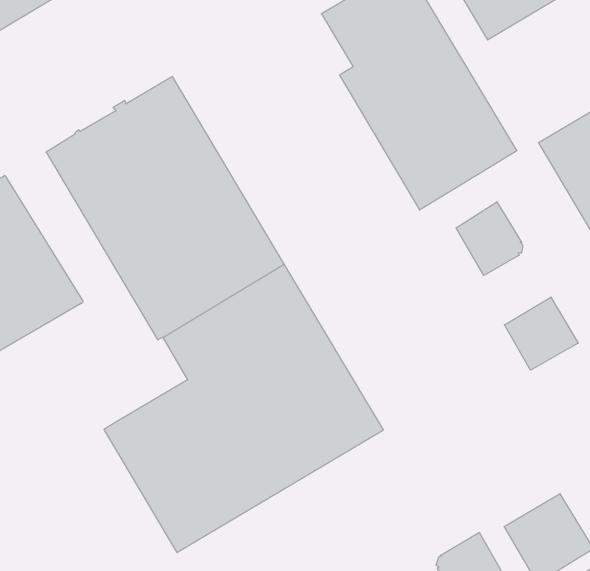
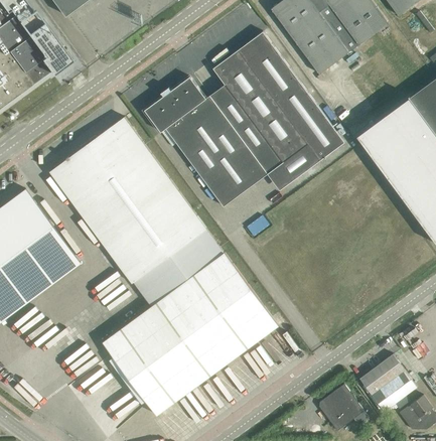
building: none -> [144,77,287,206]
building: [456,202,523,275] -> none
building: [504,297,578,370] -> none

